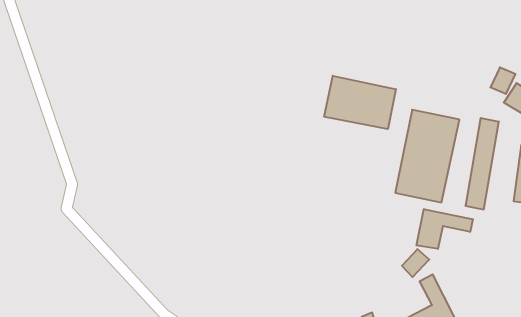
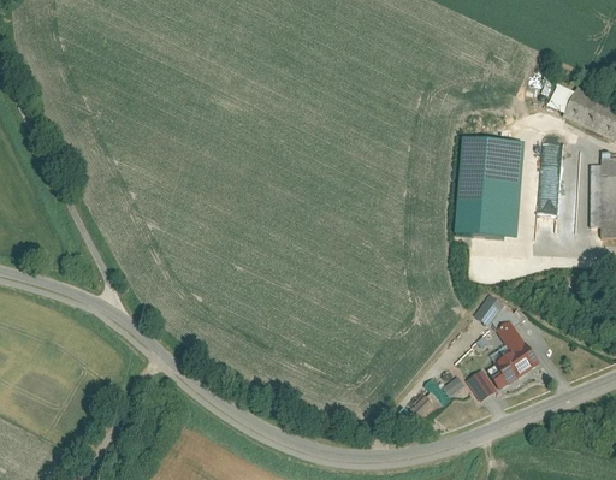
building: [324,76,396,129] -> none
building: [417,209,473,249] -> none

